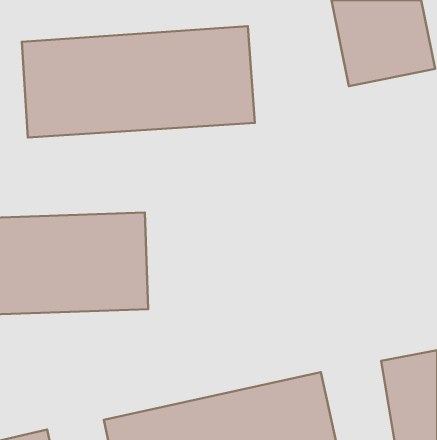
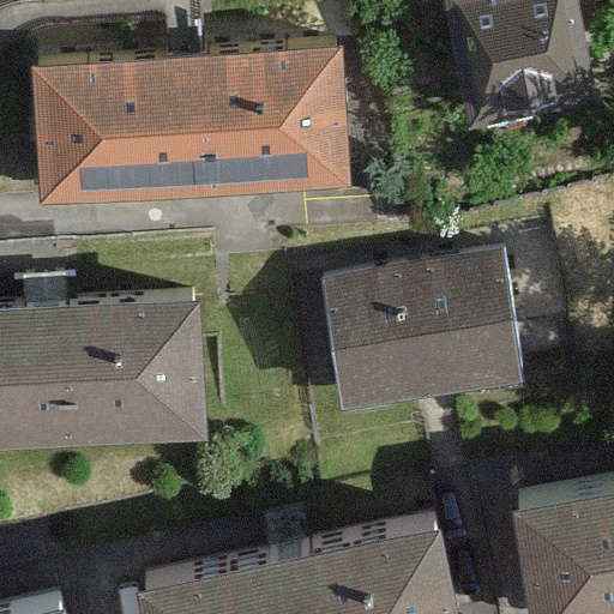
building: none -> [320,253,517,408]

